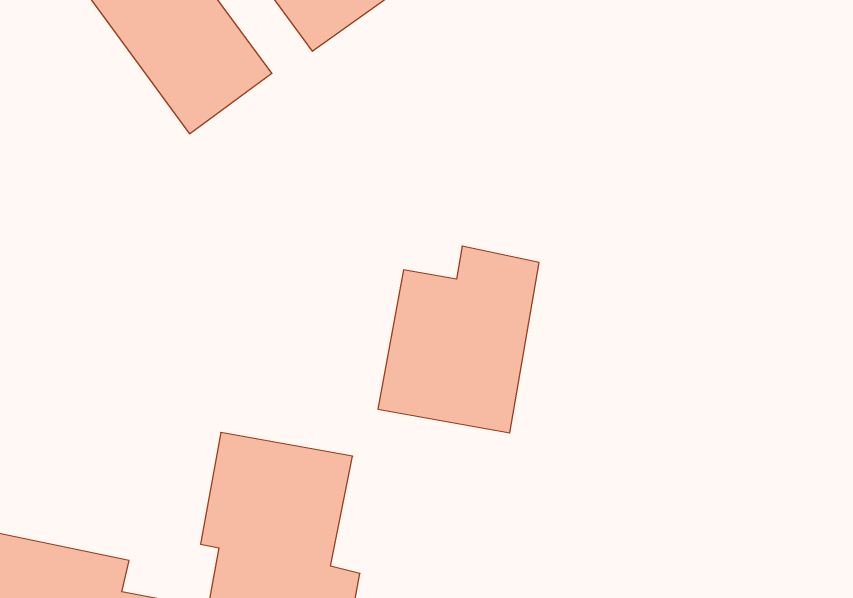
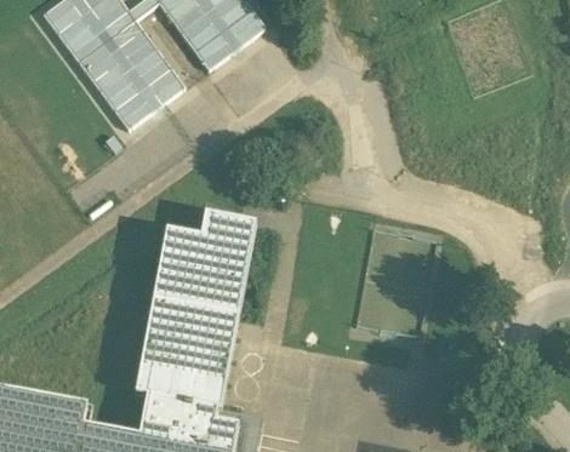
building: [378,246,539,433] -> [148,208,255,332]

